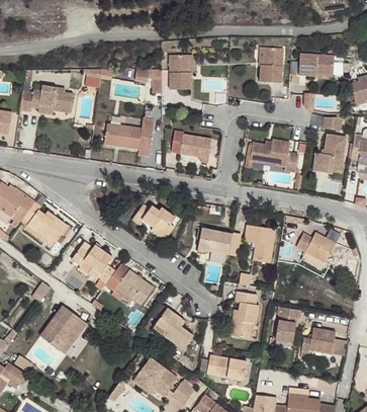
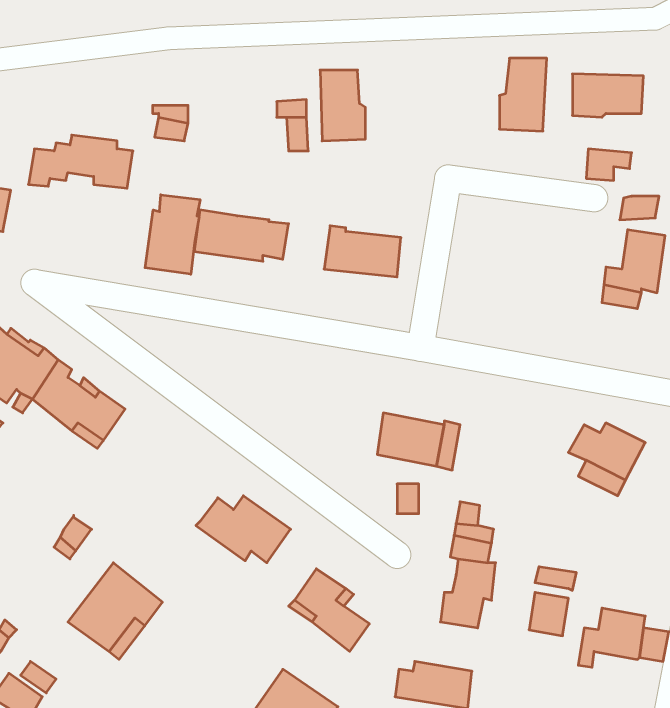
building: none -> [145,195,200,274]
building: [250,140,297,172] -> none
building: [131,203,176,240] -> none
building: [245,225,275,263] -> none
building: [72,244,116,283] -> none

